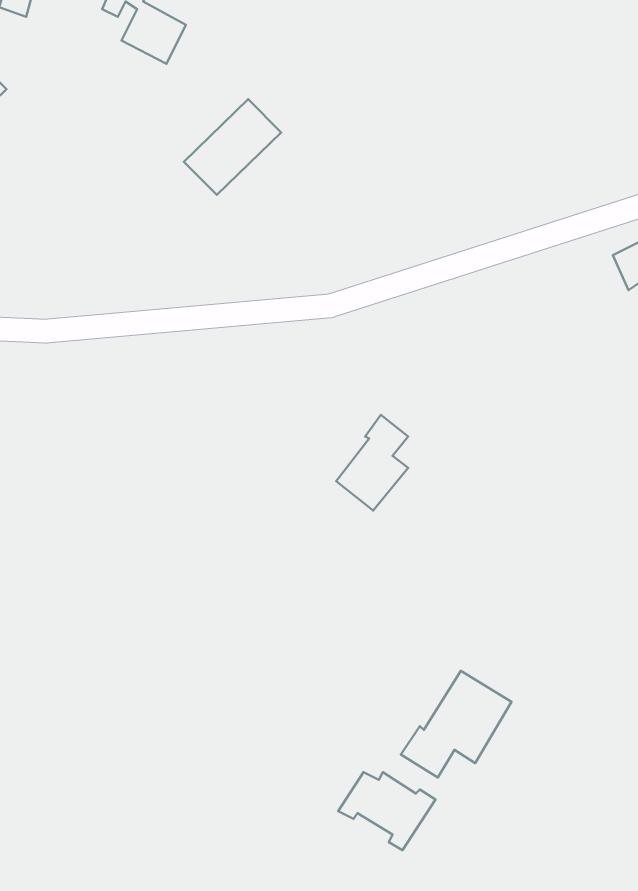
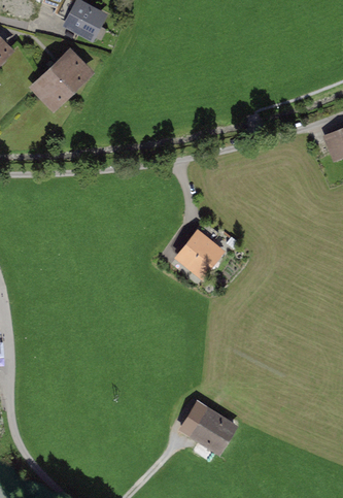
building: [184,99,281,195] -> [36,55,88,105]
building: [401,671,511,778] -> none

